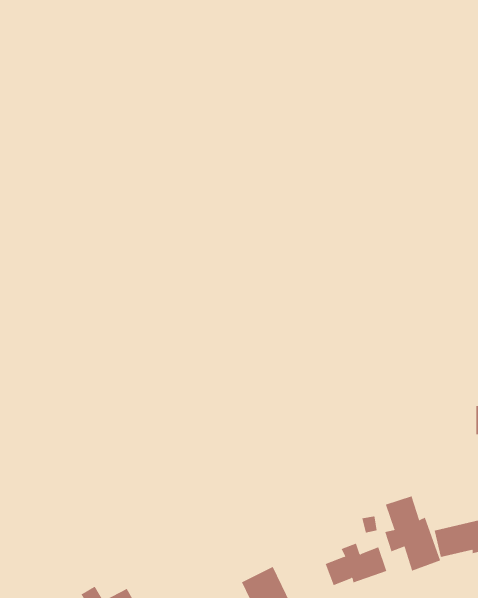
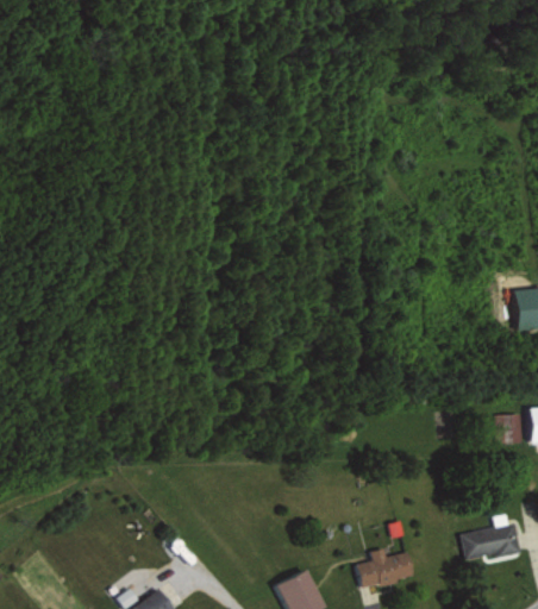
building: [384,495,441,571] -> none

